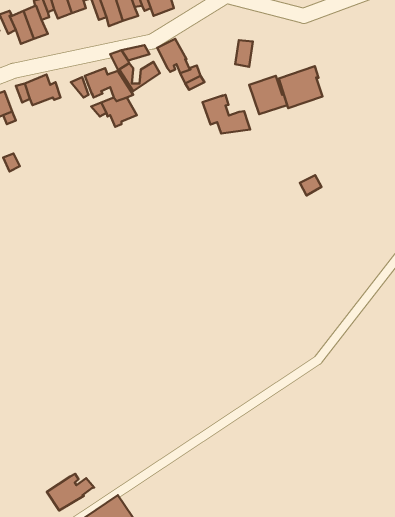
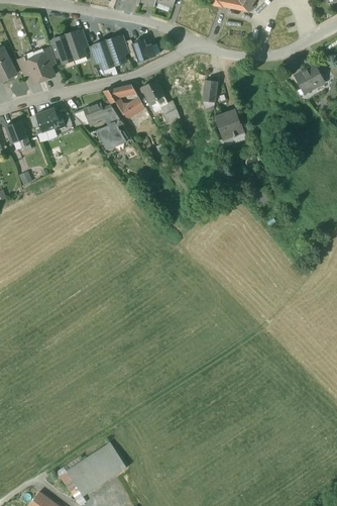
building: none -> [296,66,324,92]
building: [279,66,323,108] -> none
building: [202,95,250,133] -> none
building: [47,474,94,511] -> none

